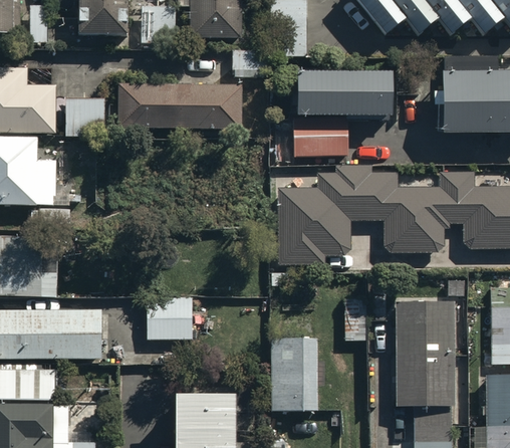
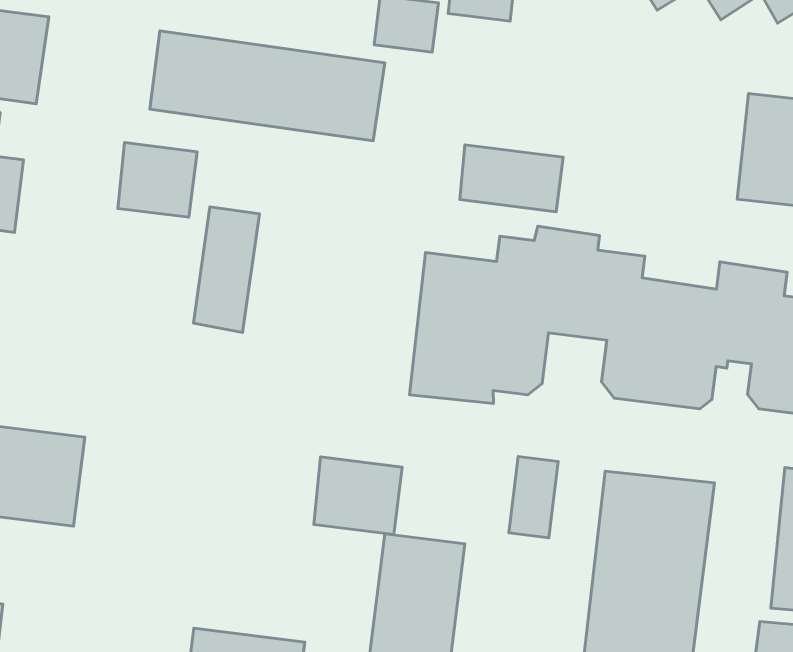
building: [301,76,392,120] -> none
building: [65,98,105,135] -> [118,143,197,217]
building: none -> [193,207,259,333]
building: [149,298,194,335] -> [314,457,402,534]

